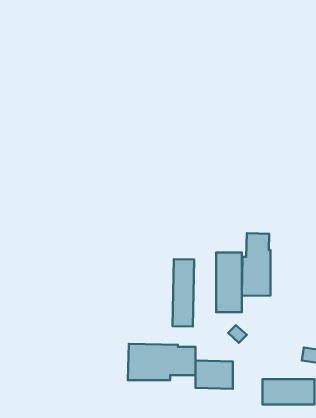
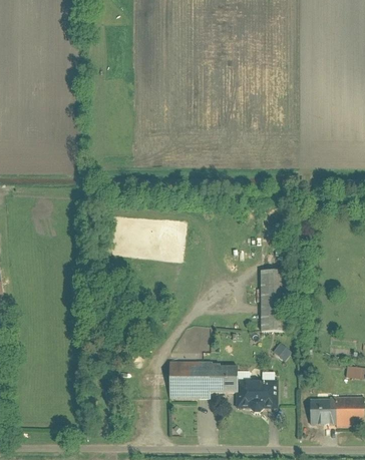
building: [242,233,270,296] -> none
building: [173,259,194,327] -> none

